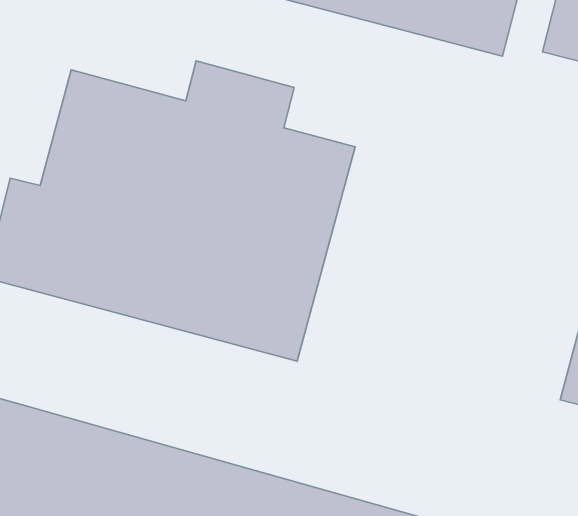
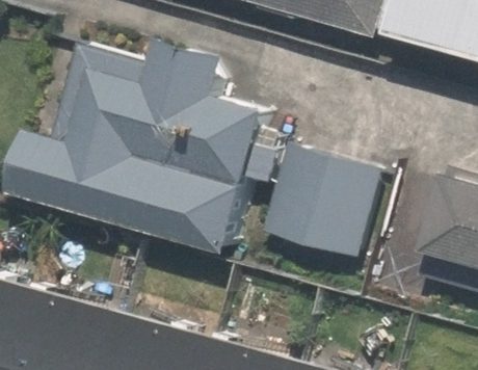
building: none -> [265,149,393,269]

